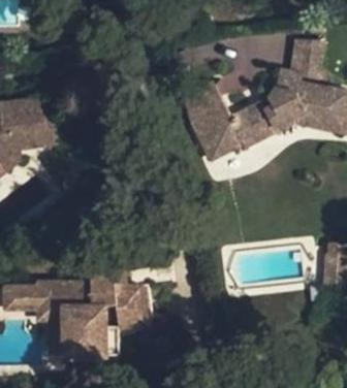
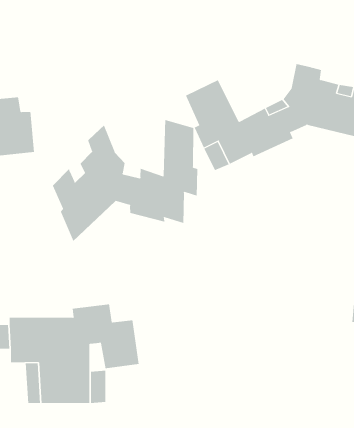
building: [291,41,322,79] -> none
building: none -> [52,119,198,242]

